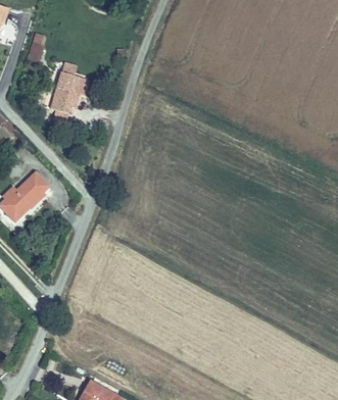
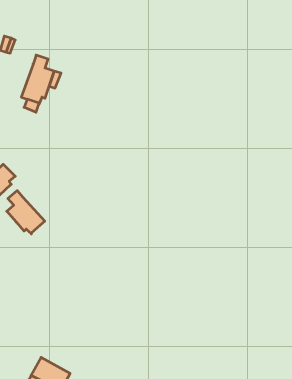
building: none -> [7,191,45,234]

